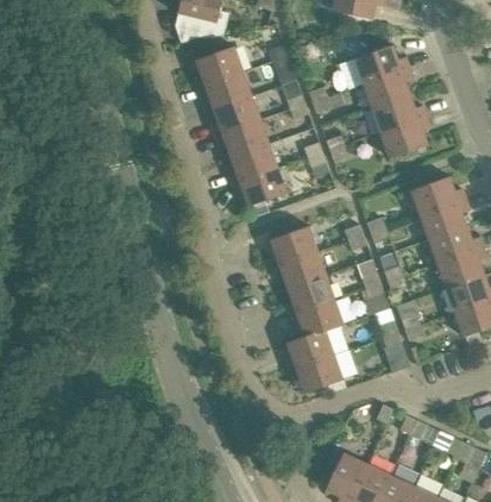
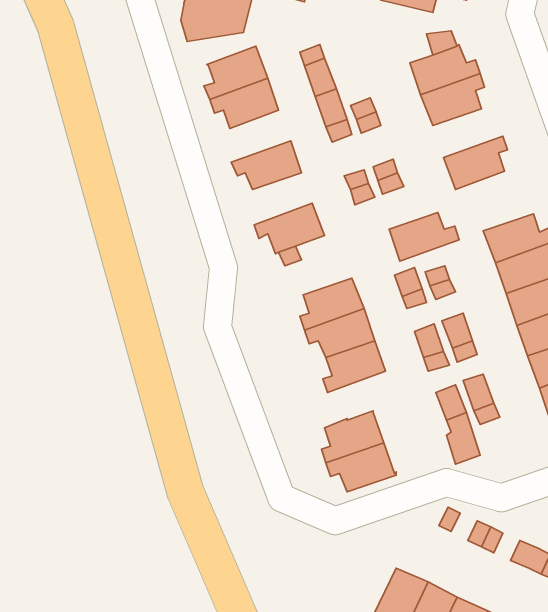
building: [372,94,427,132] -> [389,212,459,261]
building: [212,95,262,136] -> none
building: [229,144,278,184] -> none
building: [290,299,345,337] -> none

